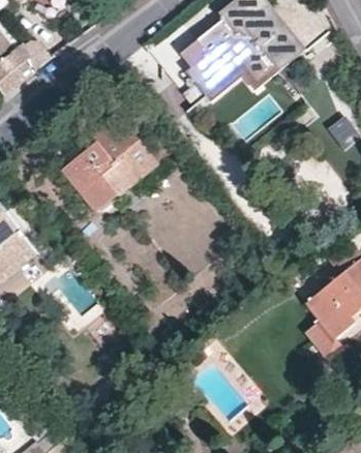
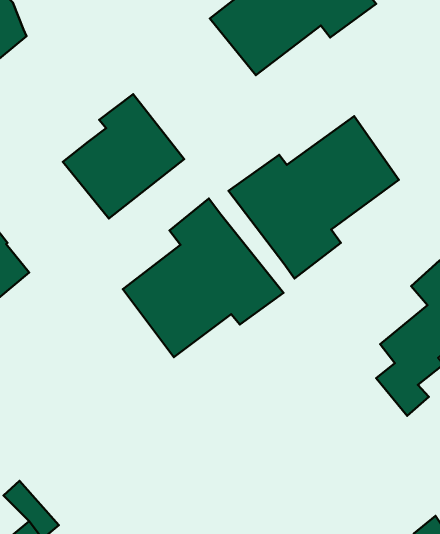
building: none -> [229,116,399,279]
building: none -> [123,199,283,357]

